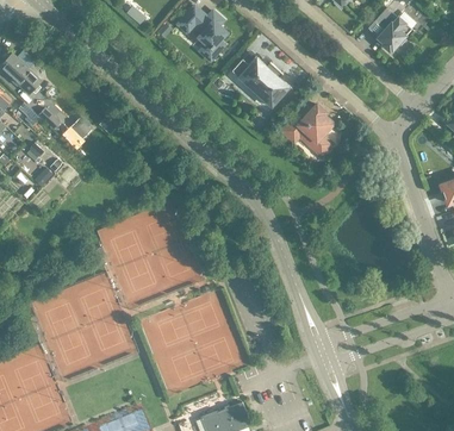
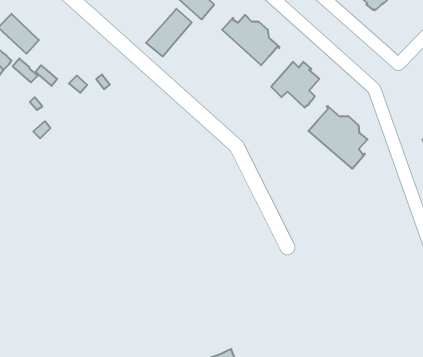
building: none -> [146,9,192,56]
building: none -> [308,106,368,169]

